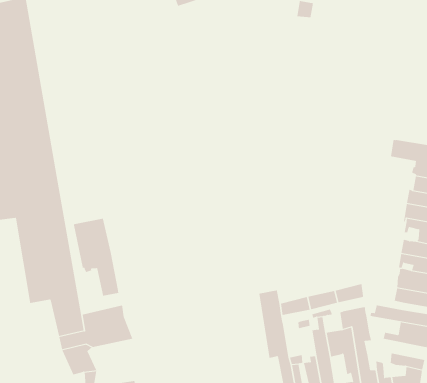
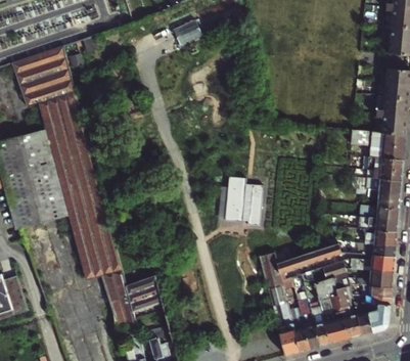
building: none -> [226,178,266,228]
building: [73,218,119,296] -> none

